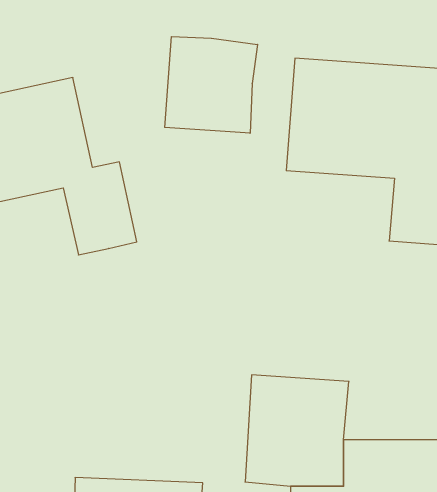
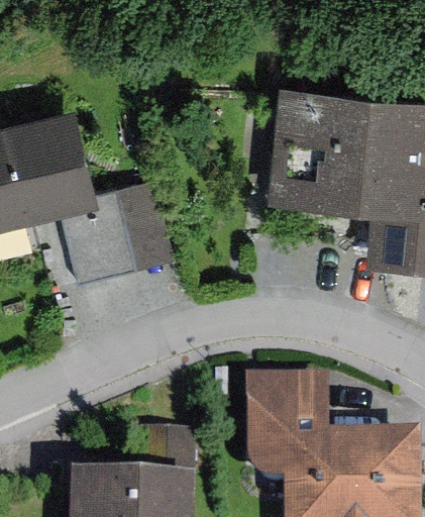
building: [165,37,258,133] -> none

